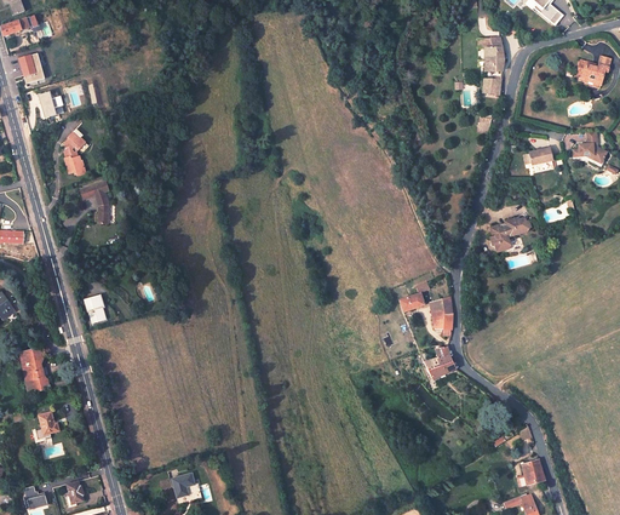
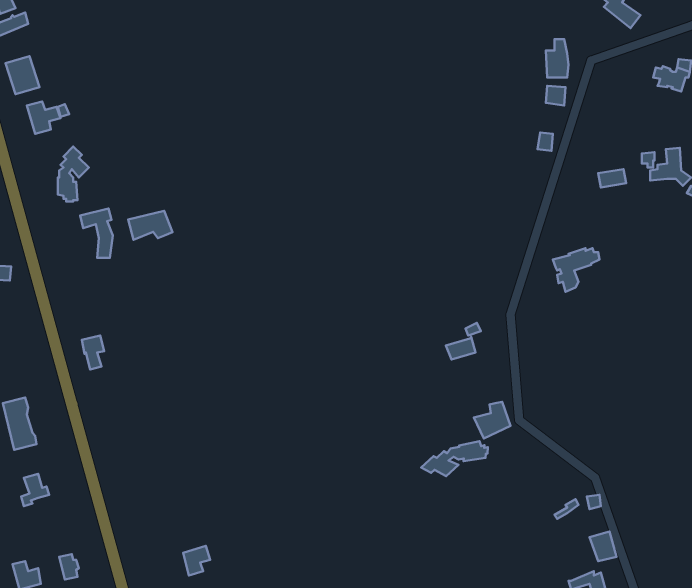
building: none -> [128,211,173,240]
building: [429,297,450,331] -> none
building: none -> [421,441,488,476]

